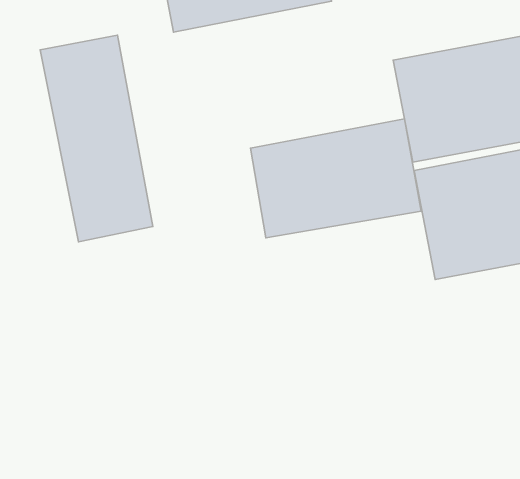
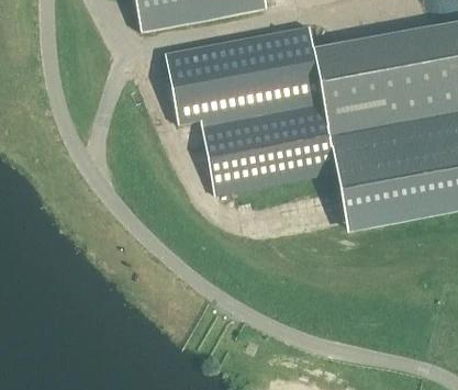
building: none -> [165,26,323,125]
building: [40,35,153,242] -> none

